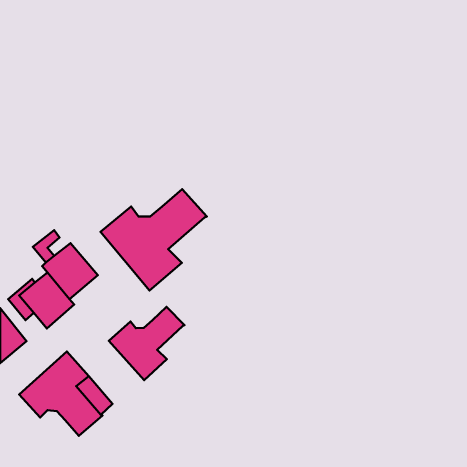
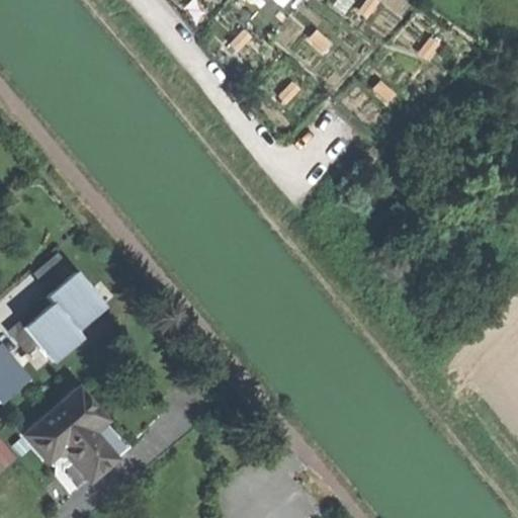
building: [101,189,207,290] -> none
building: [109,307,184,380] -> none

